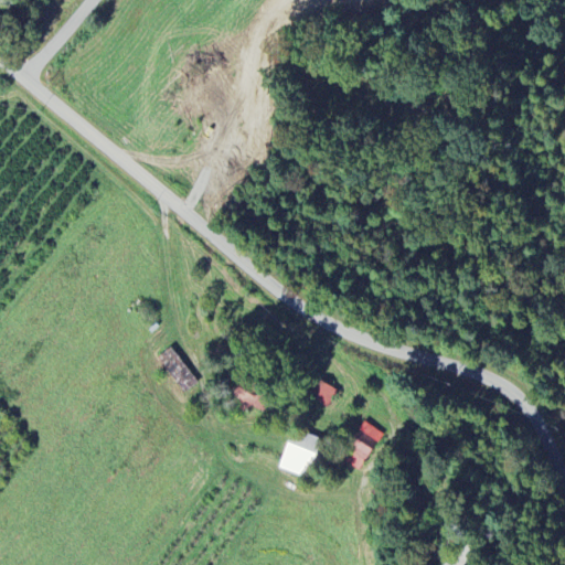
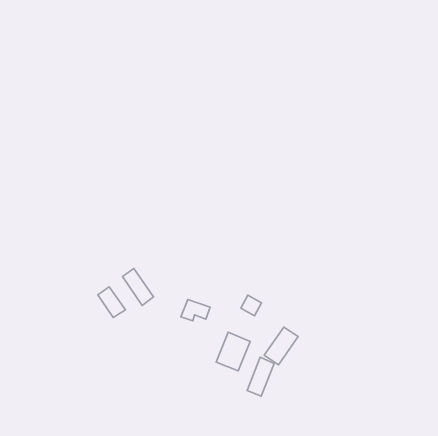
building: none -> [98,287,126,317]
building: none -> [247,357,274,396]

